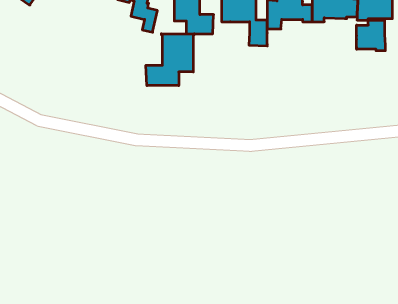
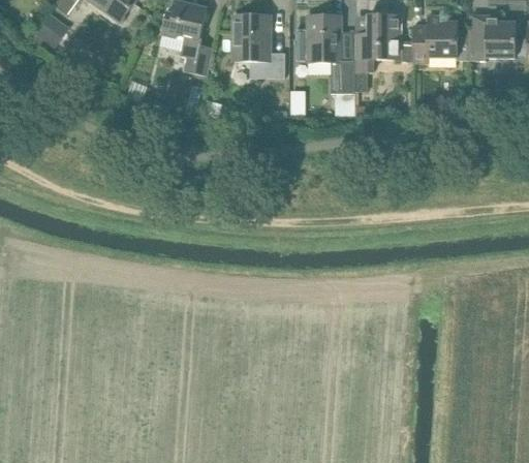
building: [357,20,385,51] -> none
building: [146,34,194,86] -> none

